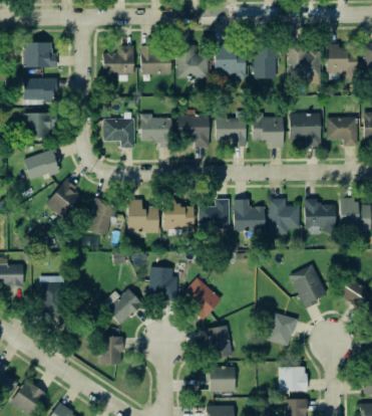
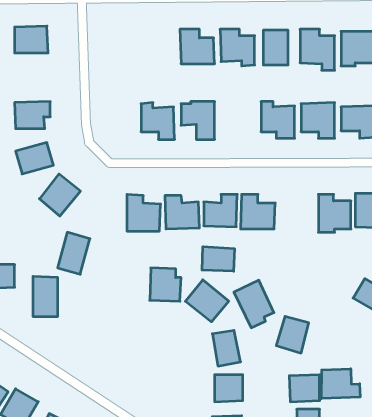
building: [102,45,133,75] -> none
building: [140,45,170,74] -> none
building: [23,78,55,105] -> none
building: [215,118,246,143] -> none
building: [103,119,134,149] -> none
building: [86,197,116,236] -> [58,232,90,274]
building: [269,199,300,234] -> none
building: none -> [202,247,234,271]
building: [289,264,326,308] -> [234,280,274,328]
building: [101,288,142,324] -> none
building: [100,337,121,365] -> none
building: none -> [321,369,360,399]

